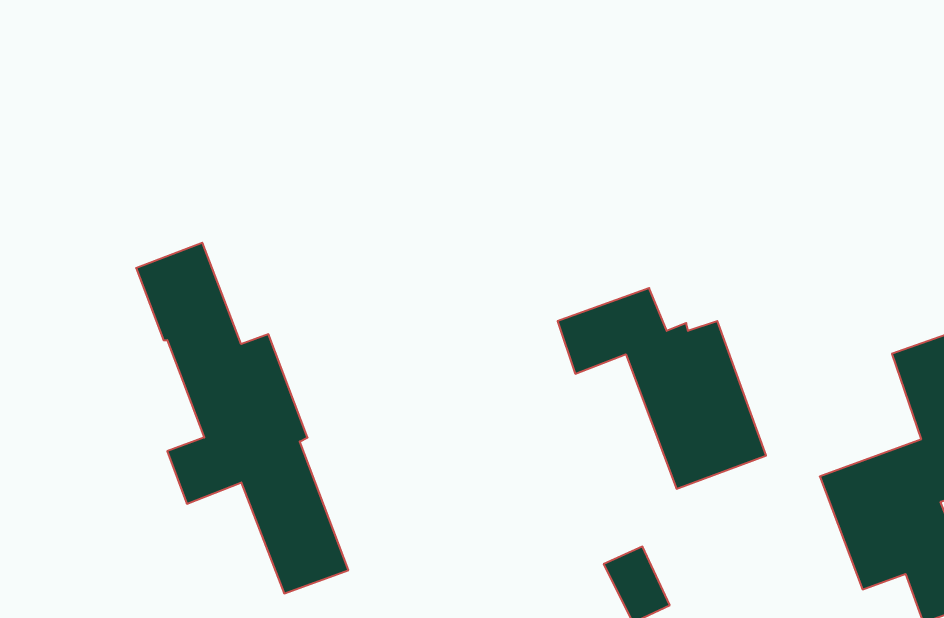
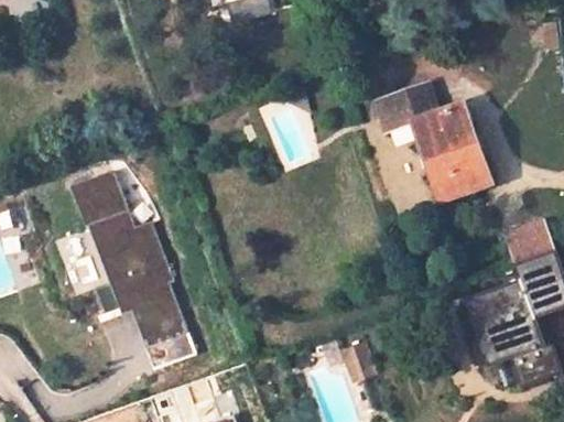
building: [558,288,766,489] -> [371,88,489,202]

